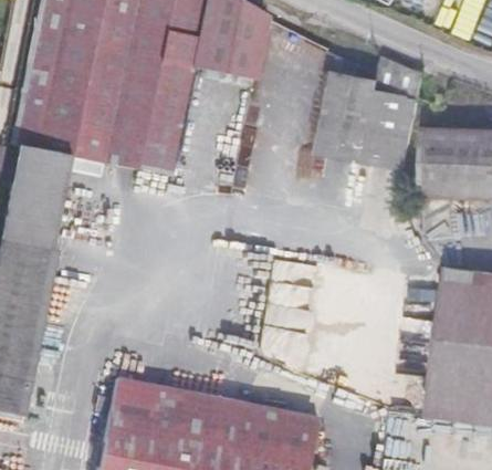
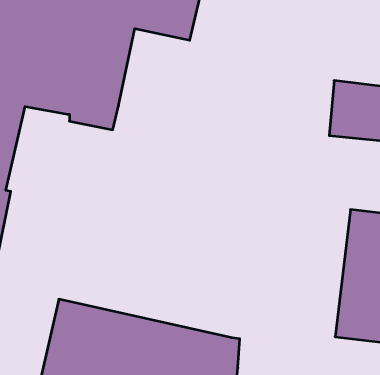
building: [317,51,422,157] -> none

